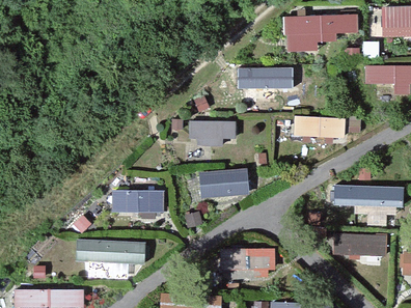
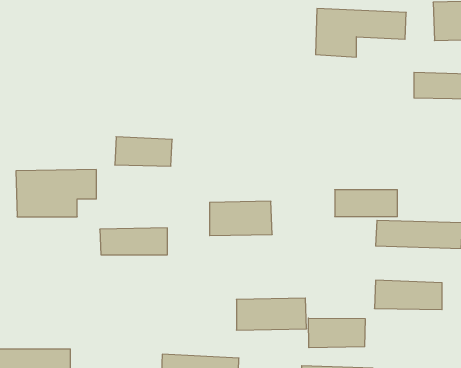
building: [240,66,283,103] -> none
building: [294,117,345,139] -> [335,190,397,217]
building: [188,120,235,144] -> [115,137,172,166]
building: [79,240,144,278] -> [16,170,96,217]
building: none -> [308,318,365,348]

